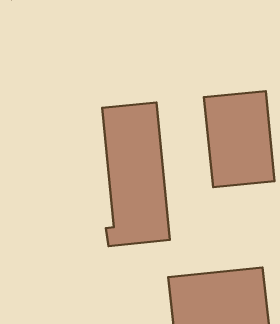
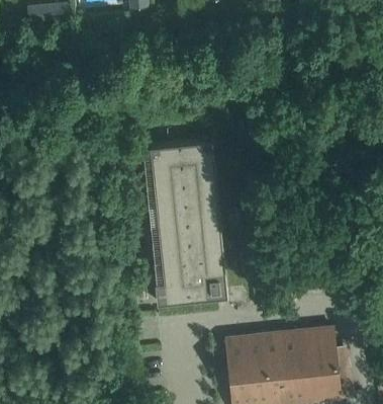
building: [204,91,275,187] -> none

